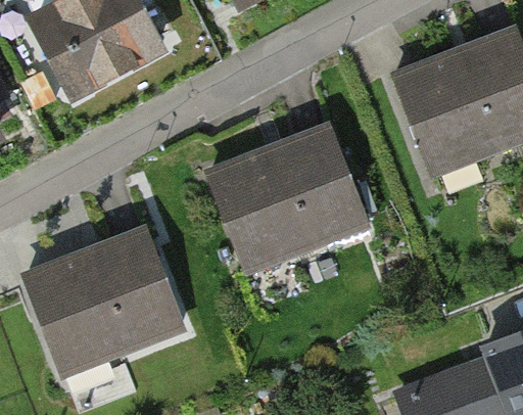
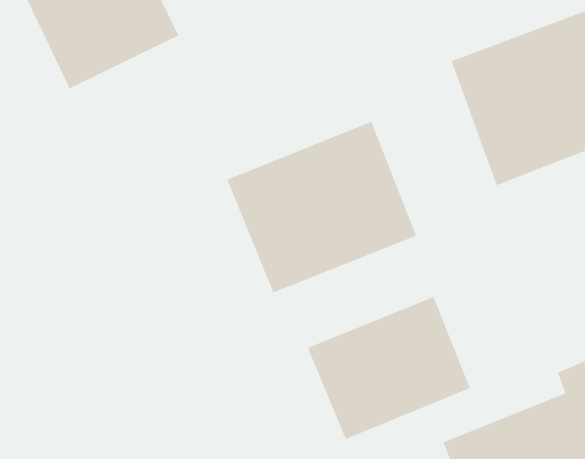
building: [25,225,188,376] -> none
building: none -> [307,296,471,440]

